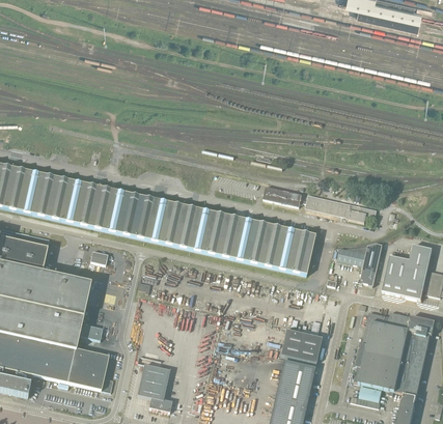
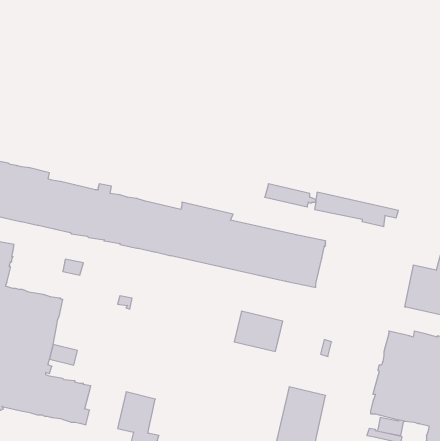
building: [337,243,382,284] -> none
building: [280,329,322,363] -> [234,311,283,351]

